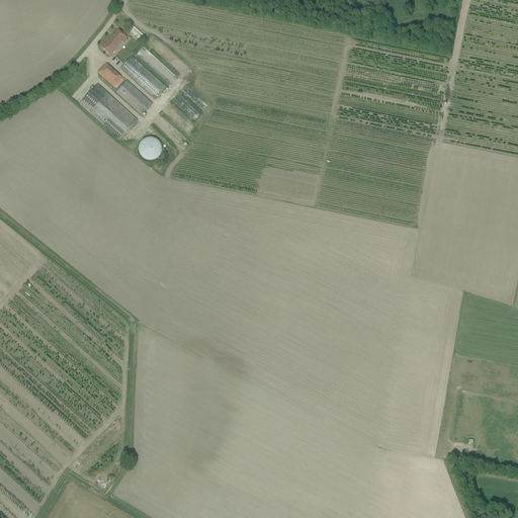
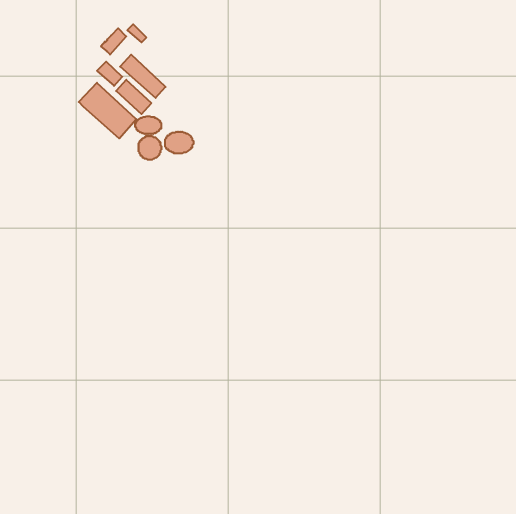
building: none -> [135,116,161,134]
building: none -> [165,132,194,153]

